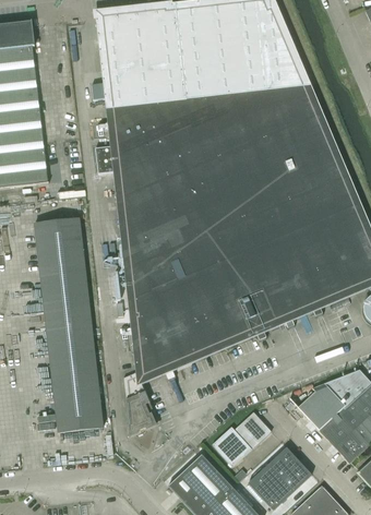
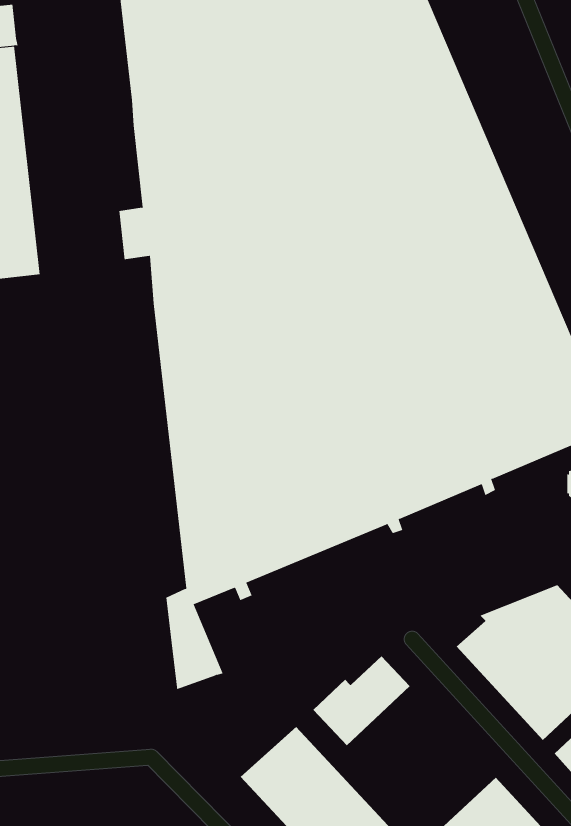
building: [34,217,104,432] -> none
building: [249,446,311,508] -> none

